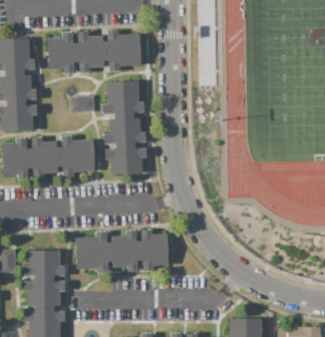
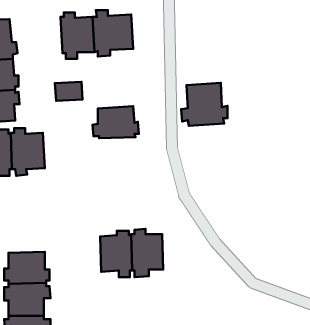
building: [47,32,76,75] -> none
building: [101,80,143,119] -> [181,83,227,126]
building: [58,135,94,178] -> none
building: [104,145,146,175] -> none
building: [74,232,111,274] -> none

